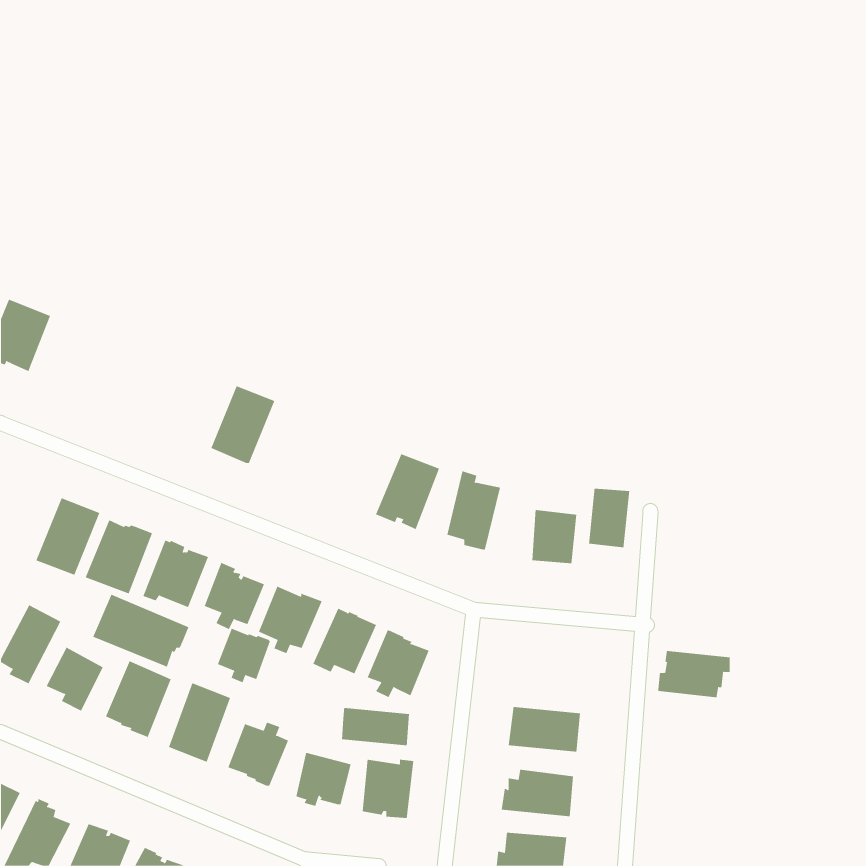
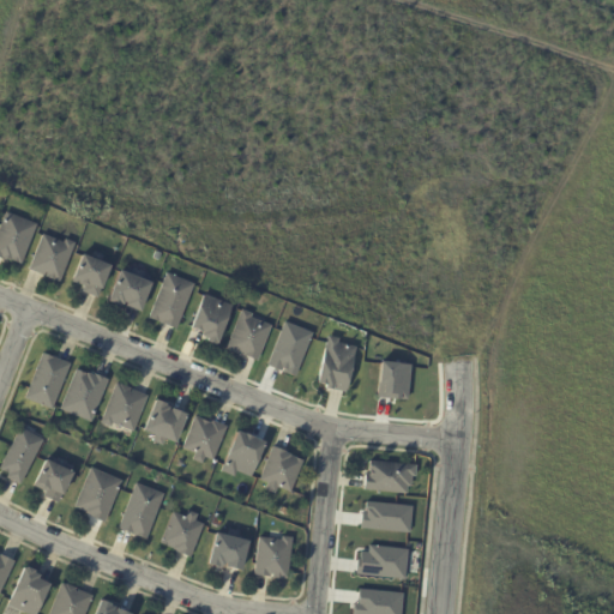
building: none -> [30,233,77,281]
building: none -> [73,251,113,296]
building: none -> [109,267,154,311]
building: none -> [192,295,233,344]
building: none -> [228,307,273,359]
building: [589,488,630,548] -> none
building: [92,594,189,668] -> none
building: [217,628,271,683] -> none
building: [658,650,731,698] -> [366,459,417,493]
building: [341,707,410,746] -> none

